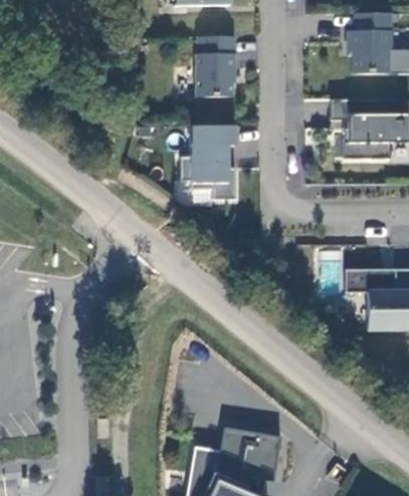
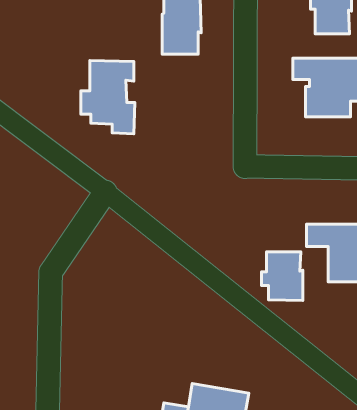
building: [181,123,236,199] -> [81,61,135,134]
building: none -> [262,252,303,301]

